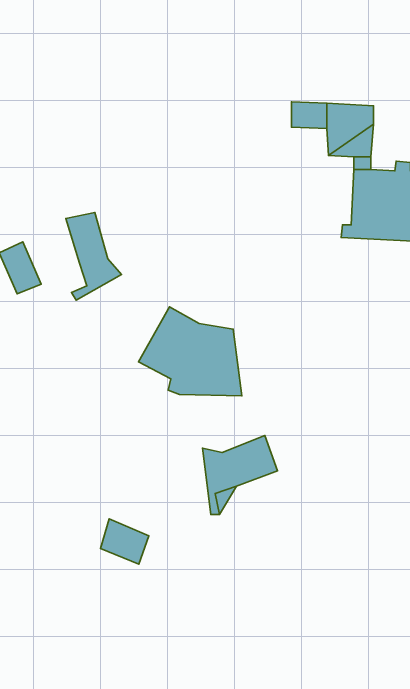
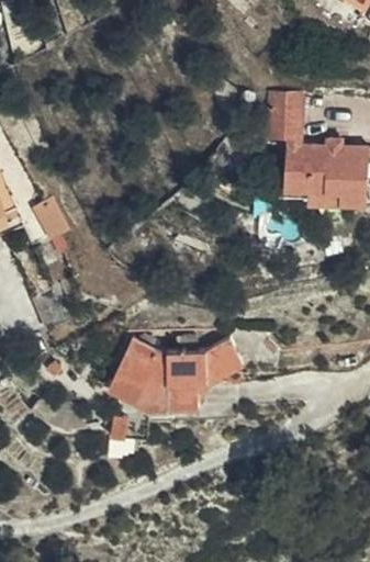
building: [66,212,122,300] -> none
building: [138,307,242,396] -> [114,342,194,412]

